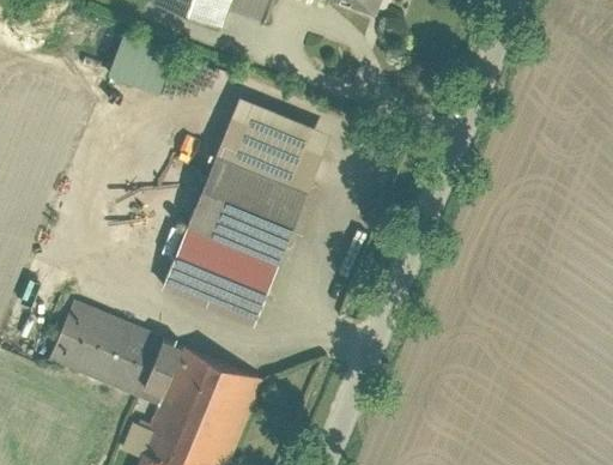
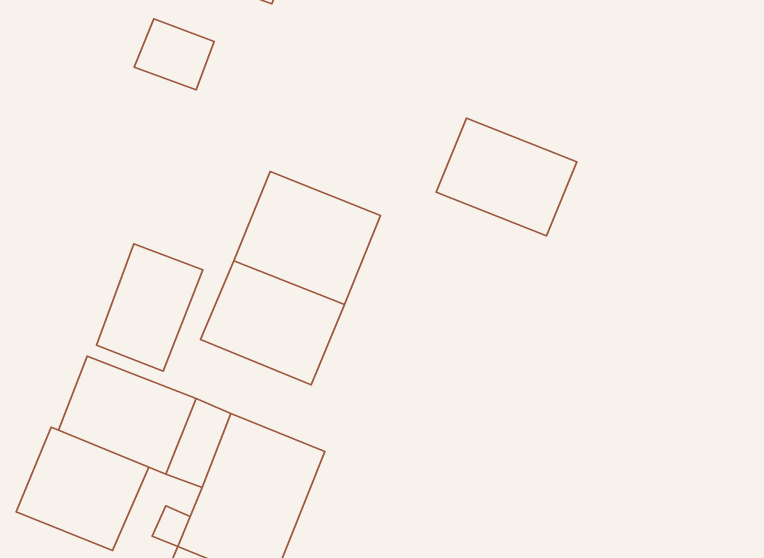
building: [218,98,329,192] -> [436,118,577,236]
building: none -> [97,244,203,371]
building: none -> [16,427,149,551]

